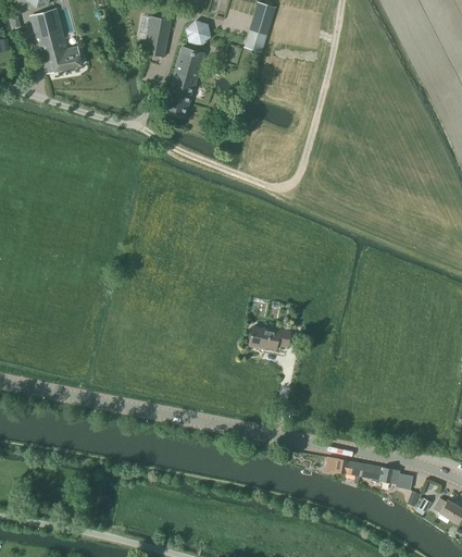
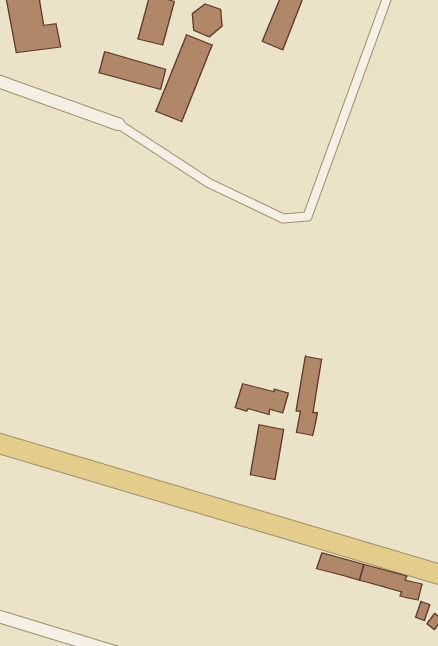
building: none -> [99,52,166,89]
building: none -> [296,356,322,436]
building: none -> [251,425,283,480]

